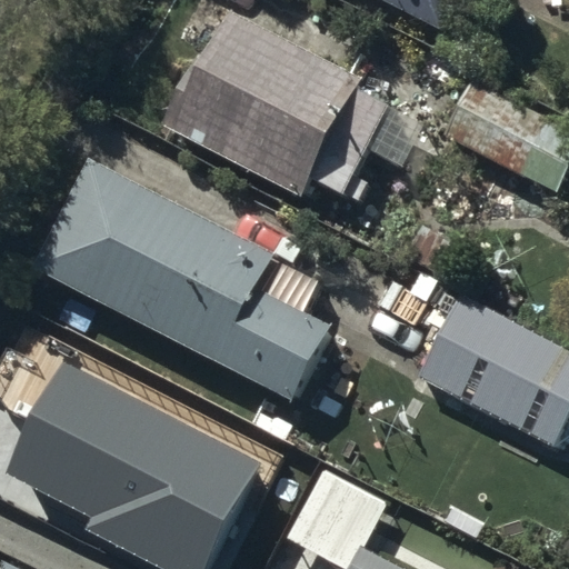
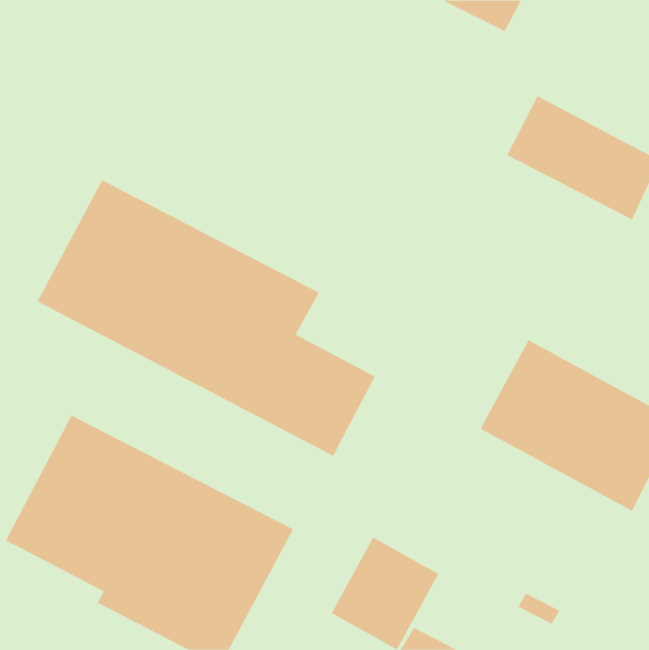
building: [160,20,388,203] -> none

